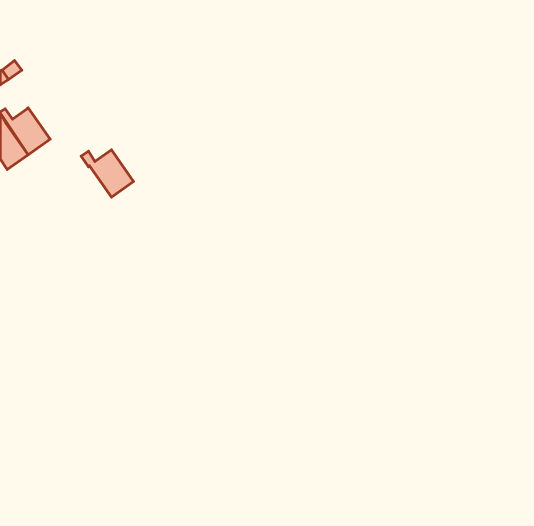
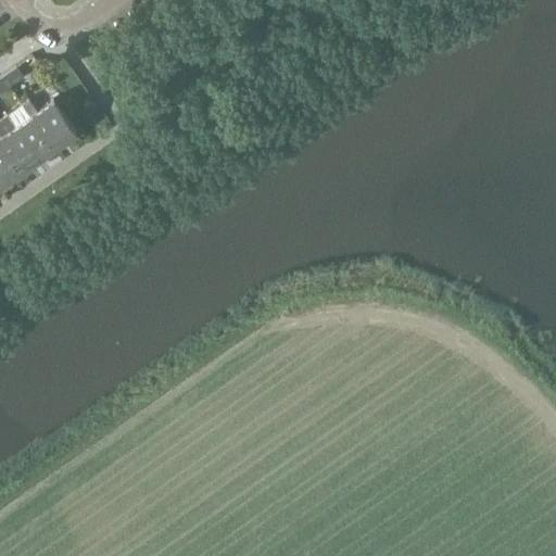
building: [81,150,134,197] -> [21,104,75,153]

